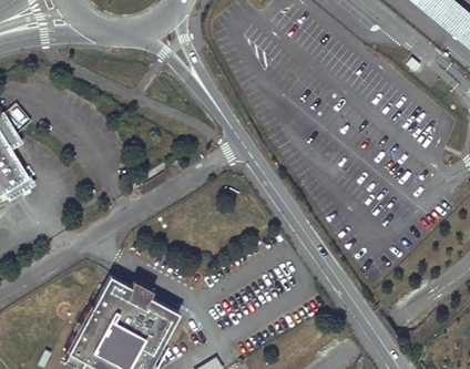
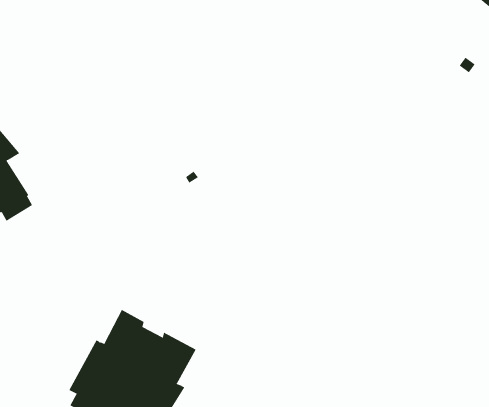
building: [92,276,180,346] -> none

